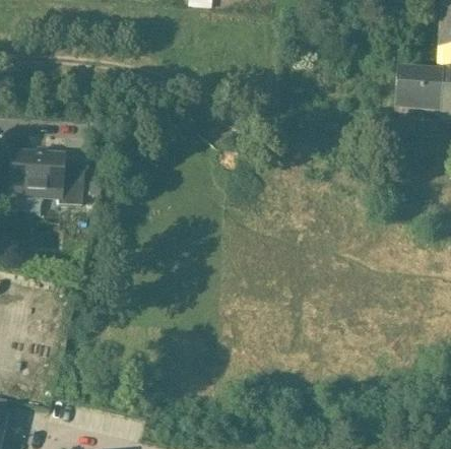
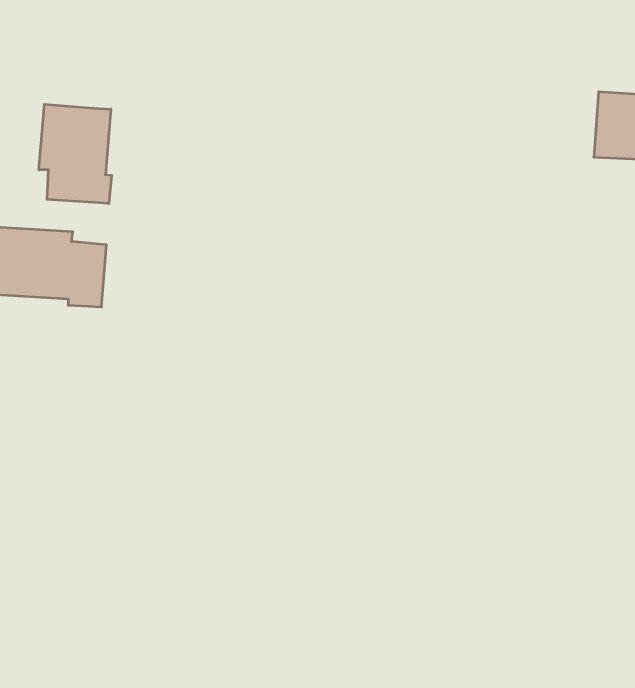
building: none -> [39,104,112,204]

